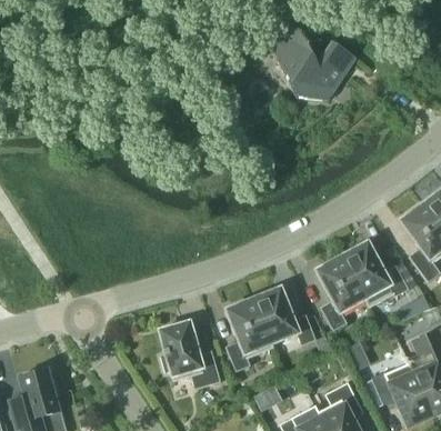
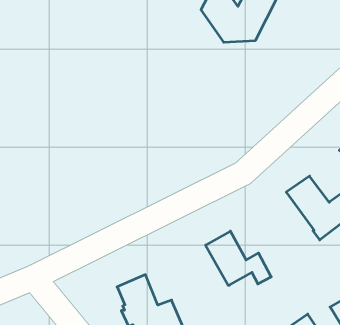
building: [317,255,364,330] -> none
building: [225,299,273,371] -> none

